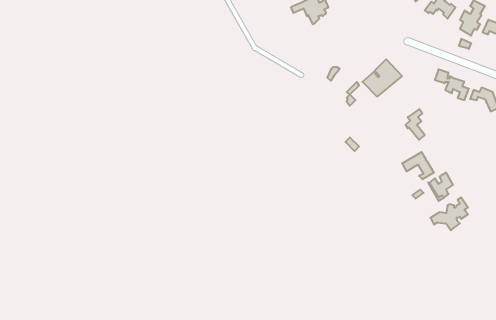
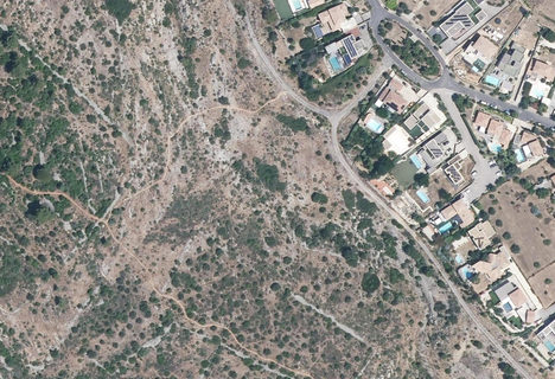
building: none -> [378,78,408,115]
building: none -> [421,131,447,175]
building: none -> [495,281,534,322]

